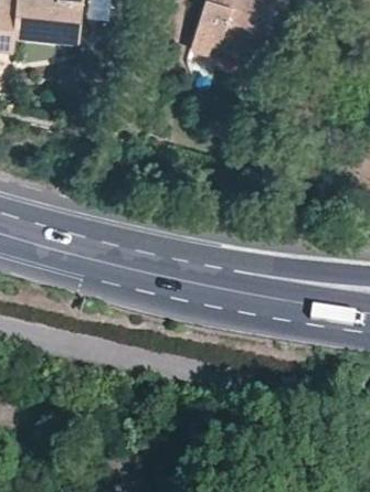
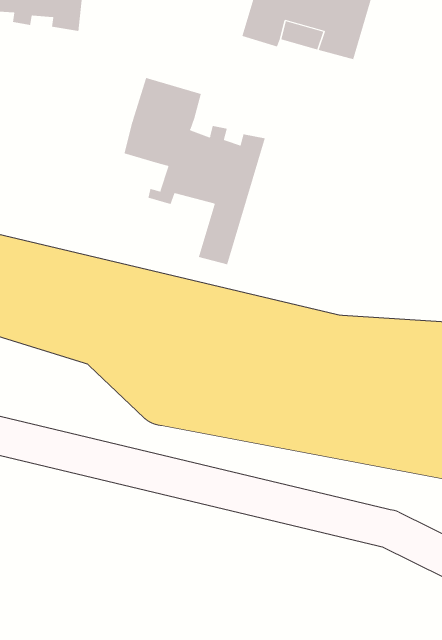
building: none -> [124,77,266,265]

